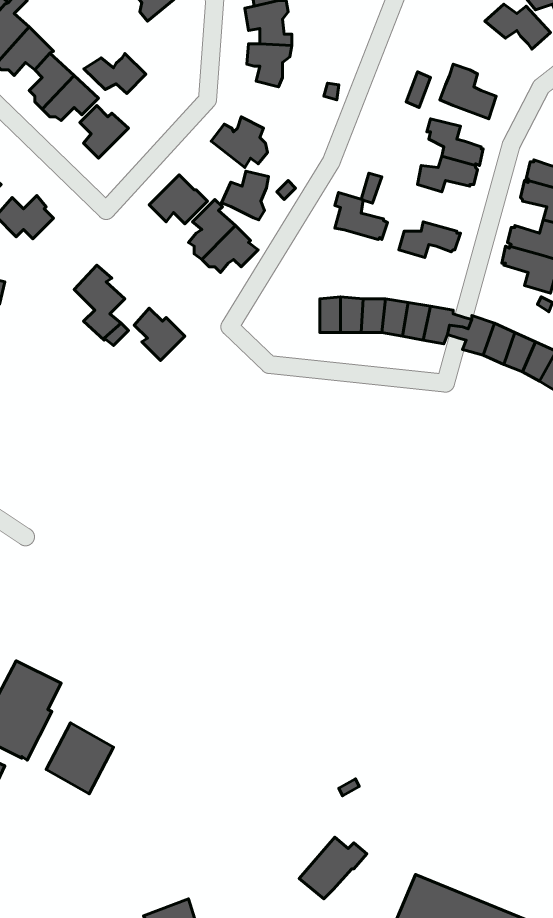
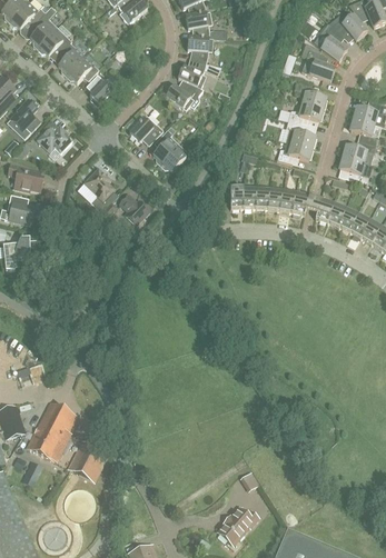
building: none -> [311,23,346,61]
building: [84,53,146,93] -> none
building: [221,171,268,220] -> [177,59,205,88]
building: [335,192,387,239] -> [285,120,316,148]

